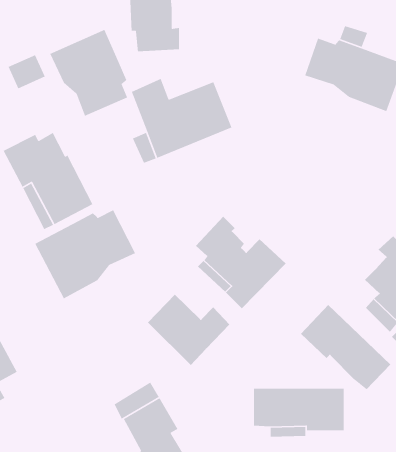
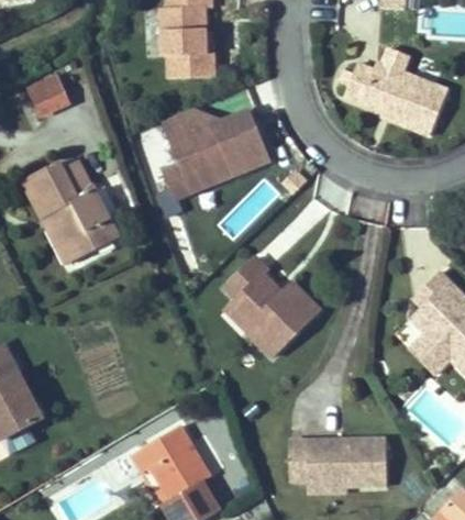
building: [49,29,128,117] -> none
building: [34,209,136,299] -> none
building: [147,294,230,366] -> none
building: [300,304,391,390] -> none

